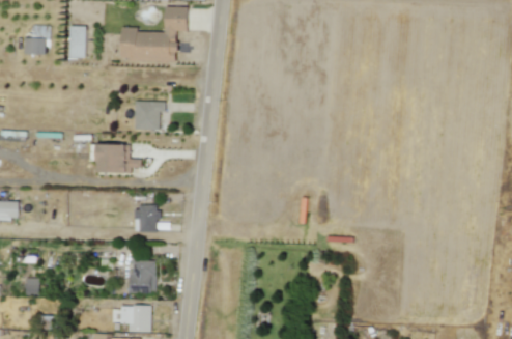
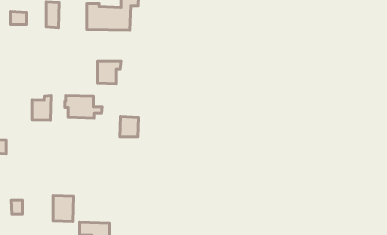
building: none -> [32,95,51,120]
building: [134,205,158,231] -> [120,117,138,137]
building: [130,260,155,293] -> [53,195,74,222]

